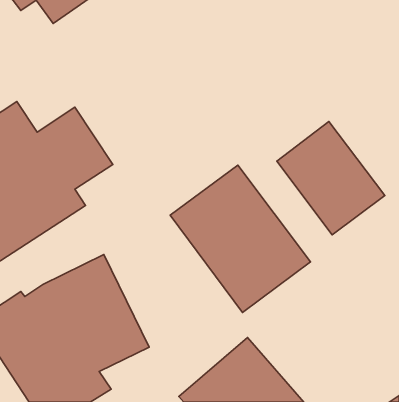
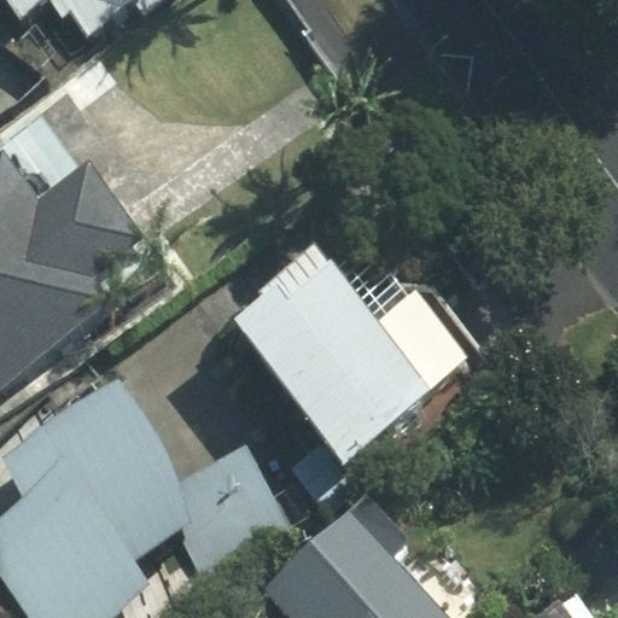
building: [277,121,385,235] -> none

